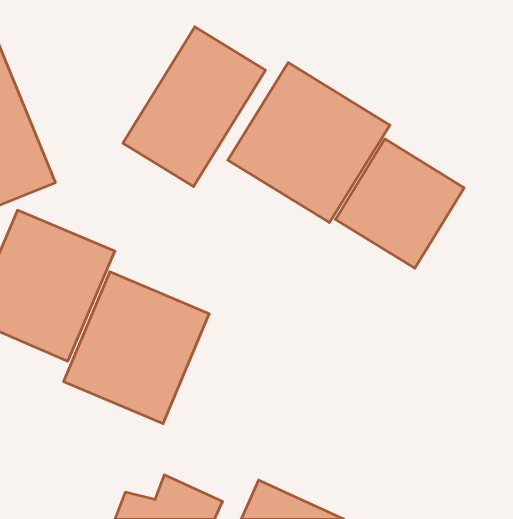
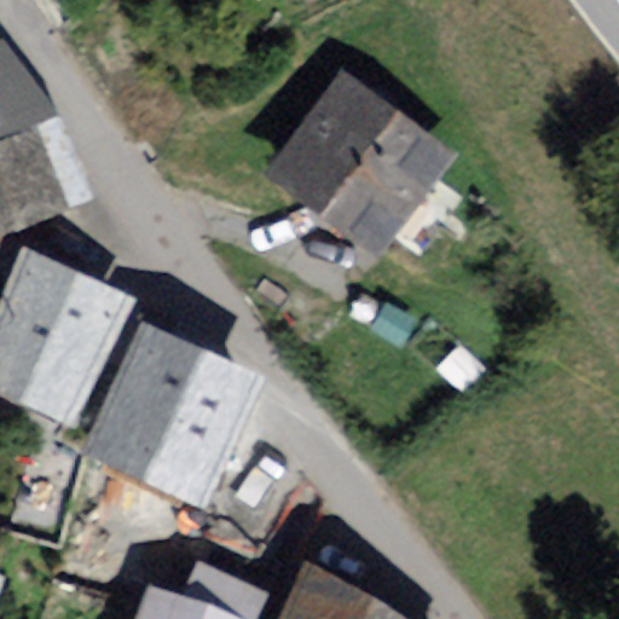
building: [123,27,265,187] -> none
building: [335,139,464,268] -> none

